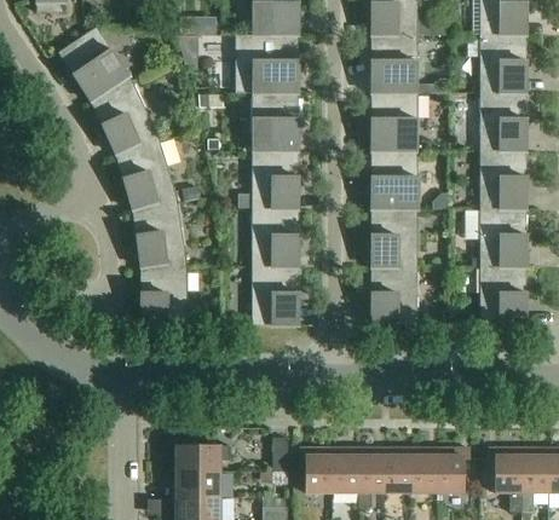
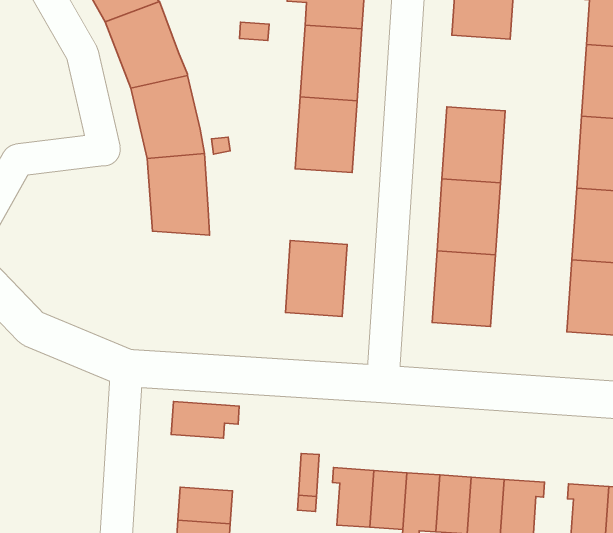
building: [370,93,417,151] -> none
building: [252,209,298,267] -> none
building: [140,267,186,325] -> none
building: [177,445,230,472] -> [171,402,239,438]

